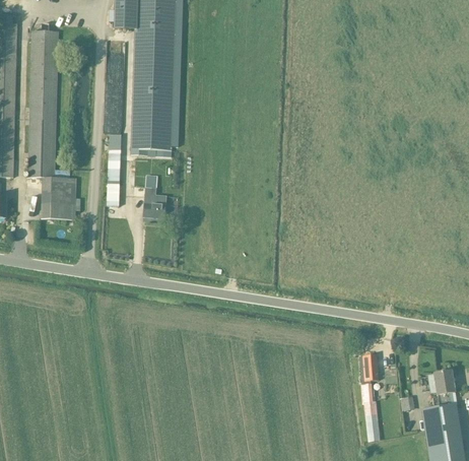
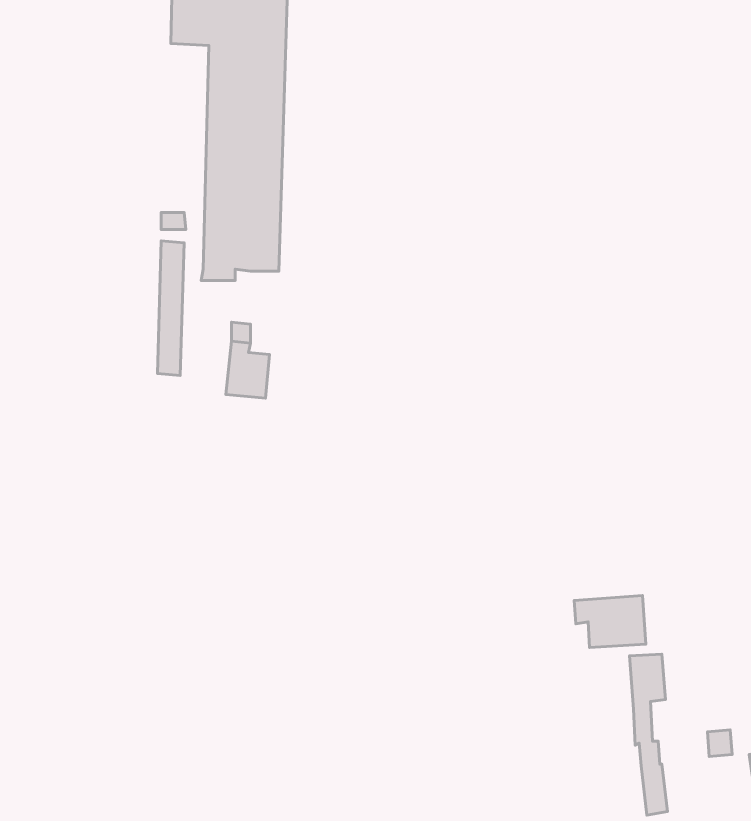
building: [28,29,80,218] -> none
building: none -> [574,595,646,647]

